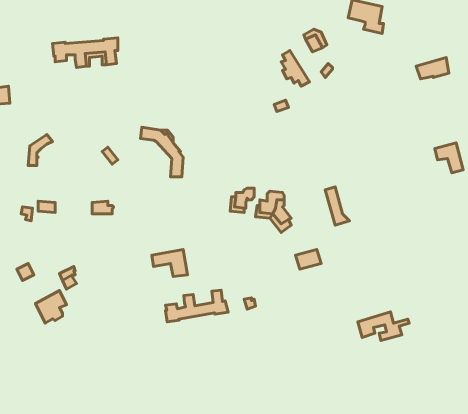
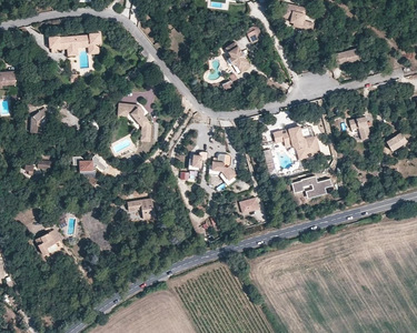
building: none -> [272,124,320,158]
building: [166,290,228,322] -> none
building: [358,312,409,340] -> [292,175,332,198]

